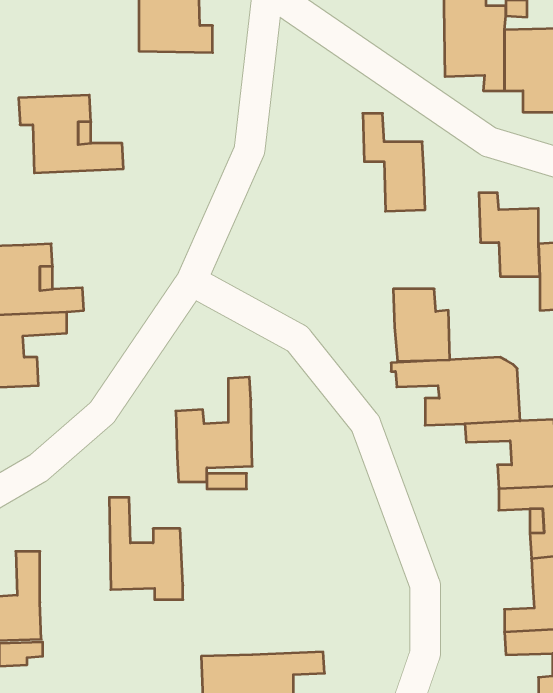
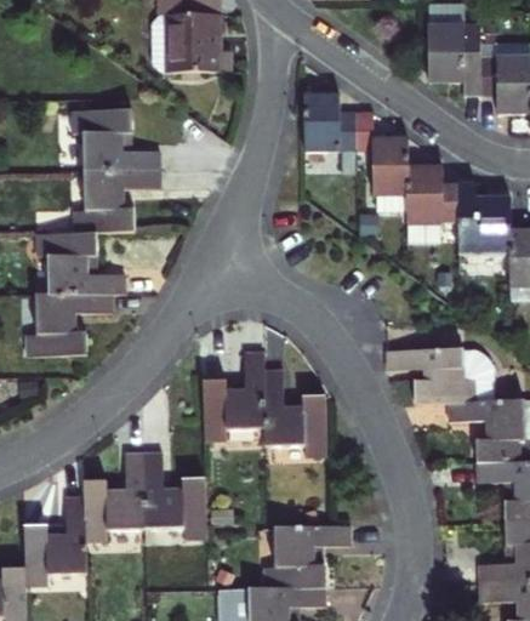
building: none -> [312,104,361,164]
building: none -> [69,170,156,235]
building: [393,289,450,361] -> [412,172,461,234]
building: none -> [264,368,329,452]
building: none -> [82,451,144,541]
building: none -> [266,520,351,586]

